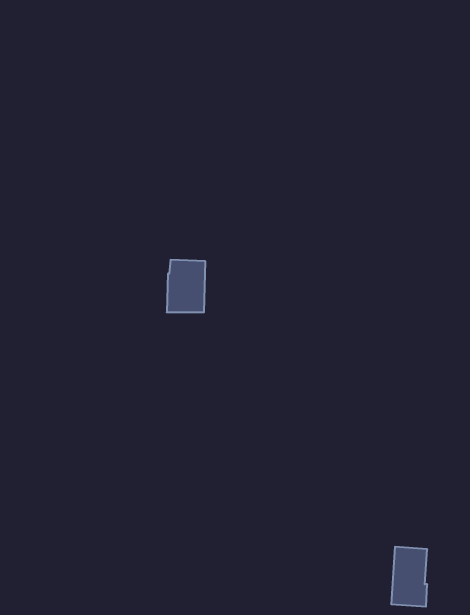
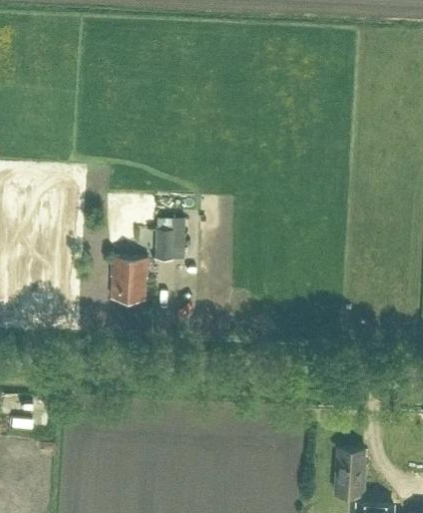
building: none -> [110,258,146,302]

